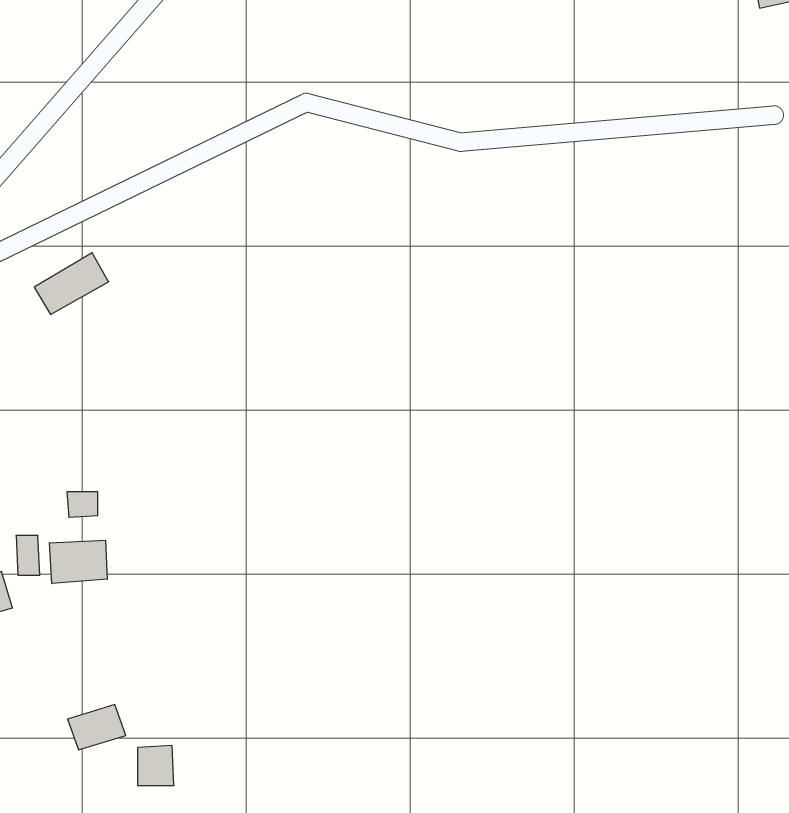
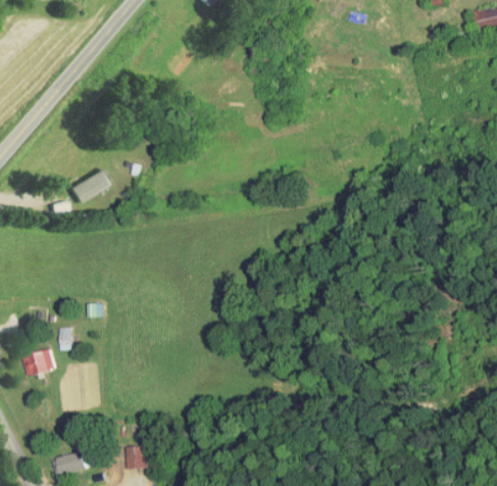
building: [49,540,107,584] -> none
building: [68,705,126,750] -> [56,450,89,476]

